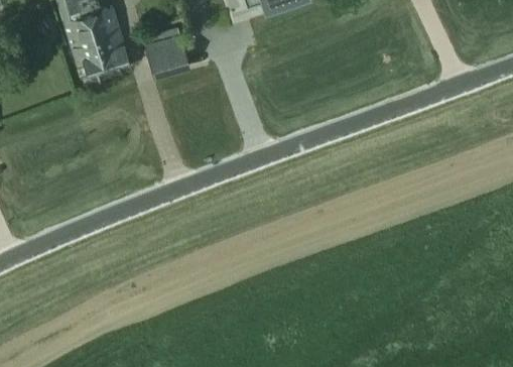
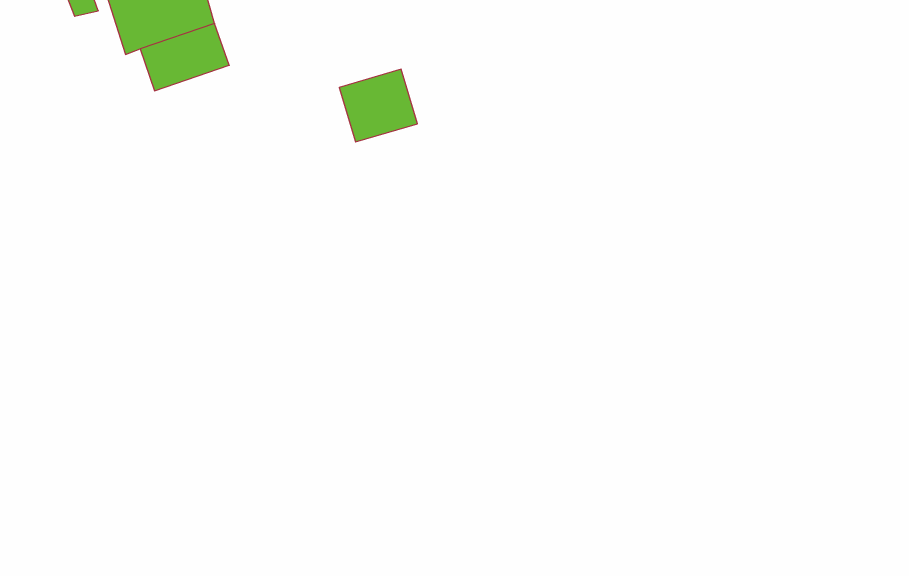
building: [145,36,188,77] -> [339,69,417,142]

